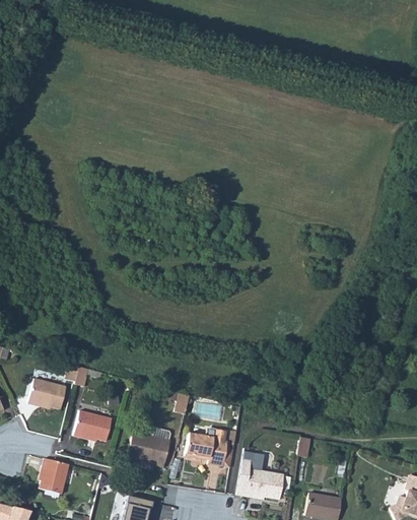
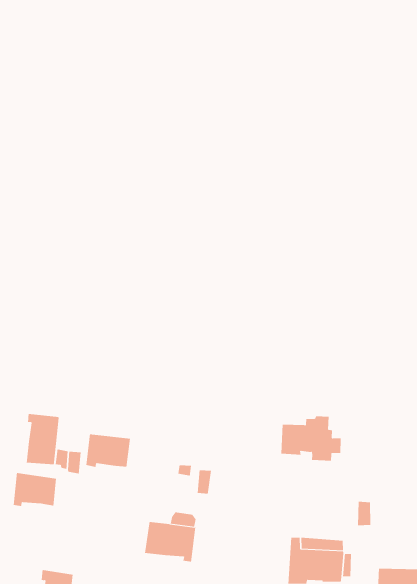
building: none -> [26,413,59,465]
building: [74,410,113,441] -> [86,434,131,468]
building: [185,430,234,467] -> [281,416,342,461]

